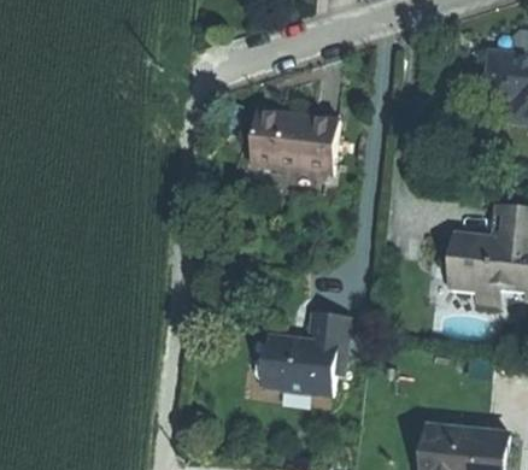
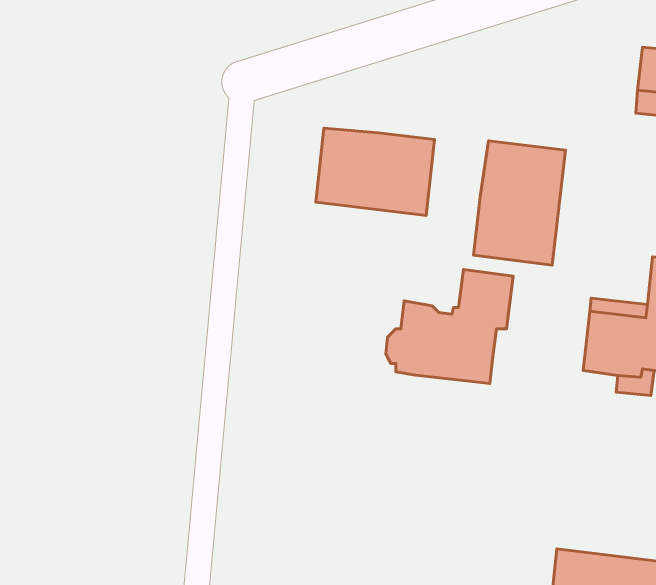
building: none -> [473,141,566,265]
building: [254,312,347,395] -> [386,270,513,383]

